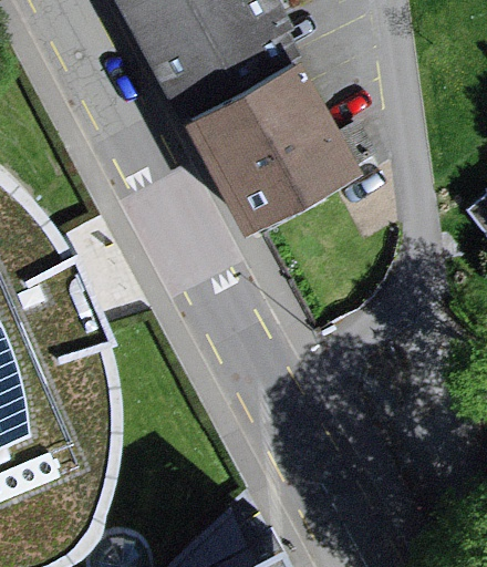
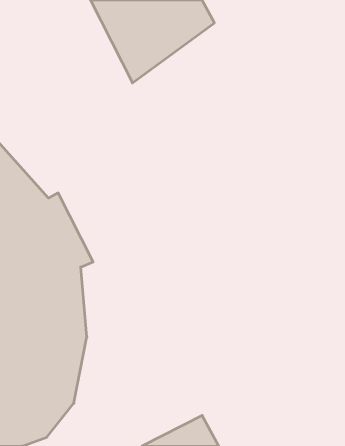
building: [169,29,350,235] -> none

